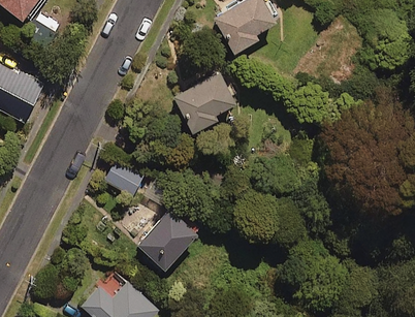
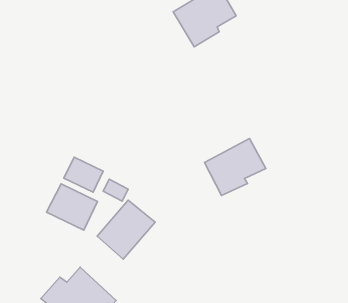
building: [173,71,236,130] -> [205,138,266,196]
building: none -> [47,184,97,230]

